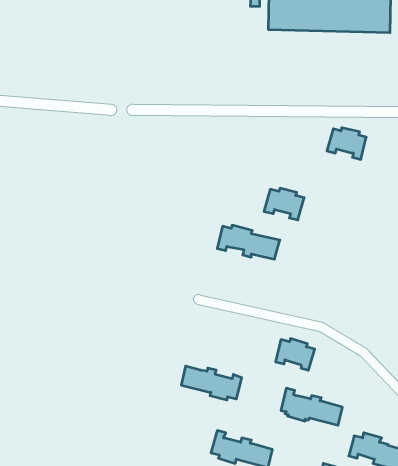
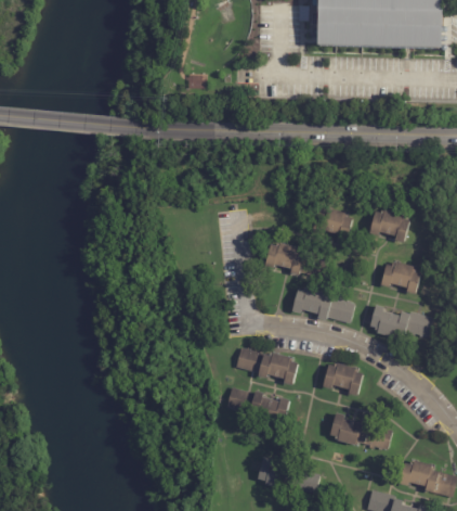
building: [327,128,366,159] -> [368,208,408,241]
building: none -> [380,261,419,294]
building: none -> [290,289,354,323]
building: none -> [368,305,434,337]
building: none -> [236,349,297,385]

